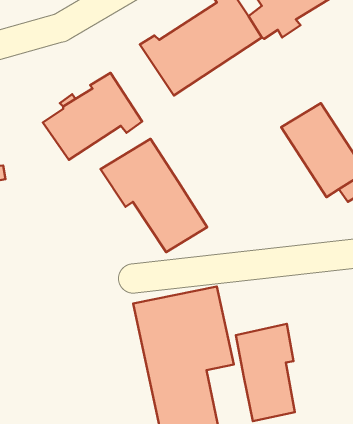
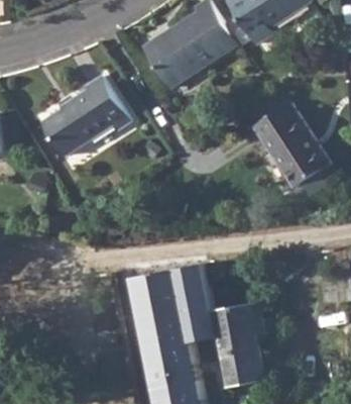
building: [101,139,207,252] -> none

